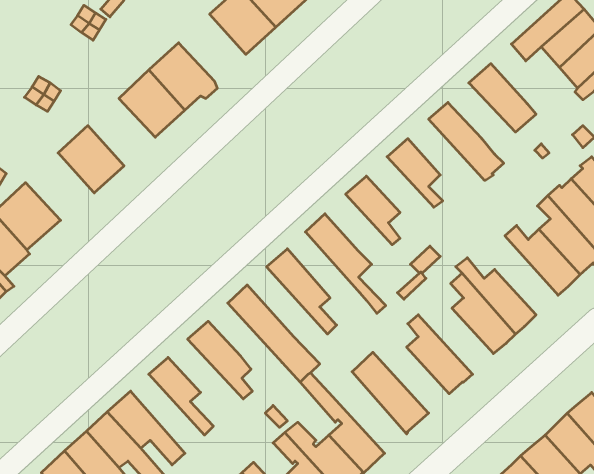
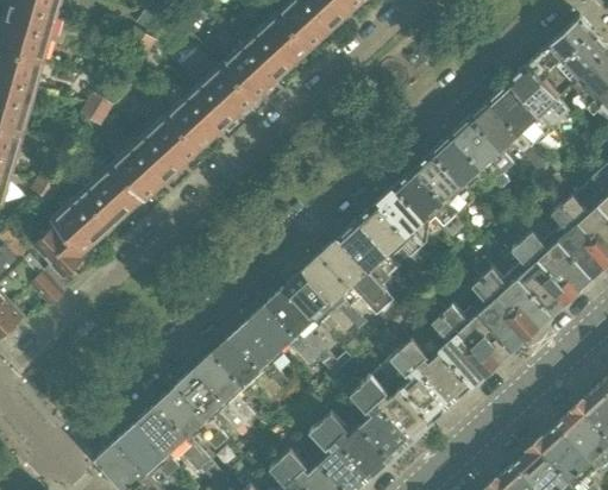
building: none -> [221,38,283,102]
building: none -> [508,65,560,120]
building: none -> [469,101,546,171]
building: none -> [138,115,200,177]
building: none -> [432,134,500,195]
building: none -> [81,165,143,227]
building: none -> [394,169,464,237]
building: none -> [356,203,427,269]
building: none -> [321,238,394,315]
building: none -> [512,241,570,314]
building: none -> [284,270,358,338]
building: none -> [249,303,316,366]
building: none -> [441,304,510,369]
building: none -> [212,337,281,400]
building: none -> [400,339,470,404]
building: none -> [359,366,431,441]
building: none -> [177,369,251,439]

